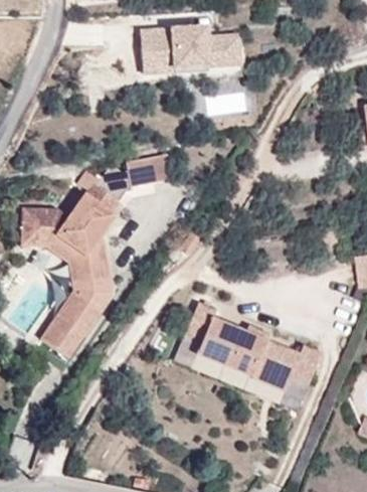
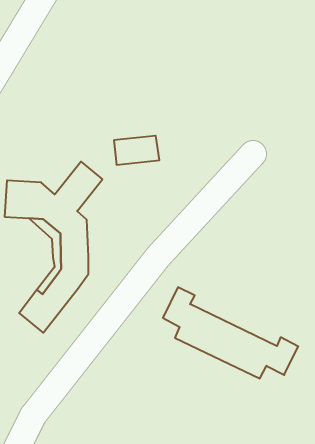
building: [139,22,241,72] -> none

